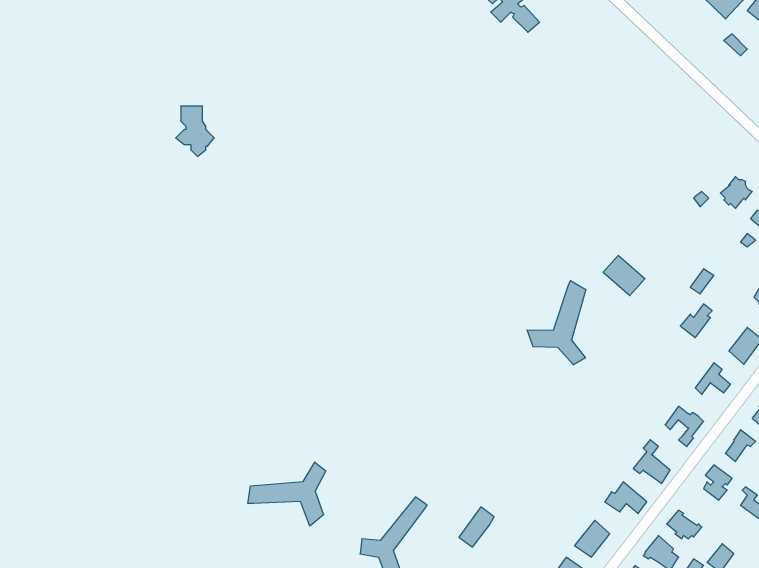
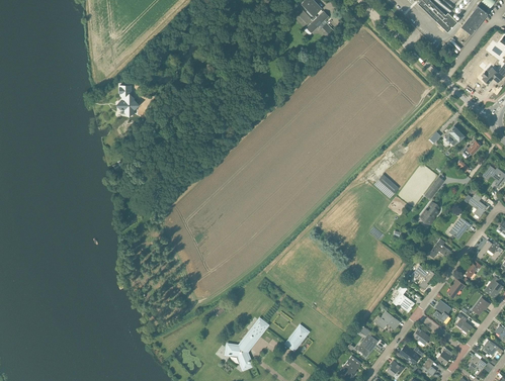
building: [527,281,586,365] -> none
building: [248,462,326,526] -> none

